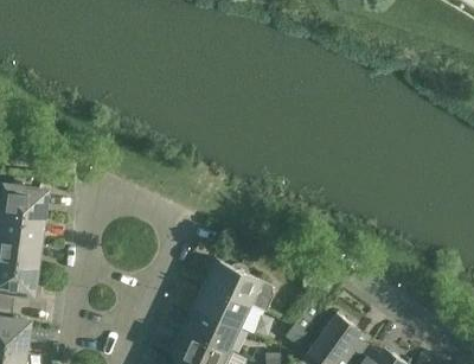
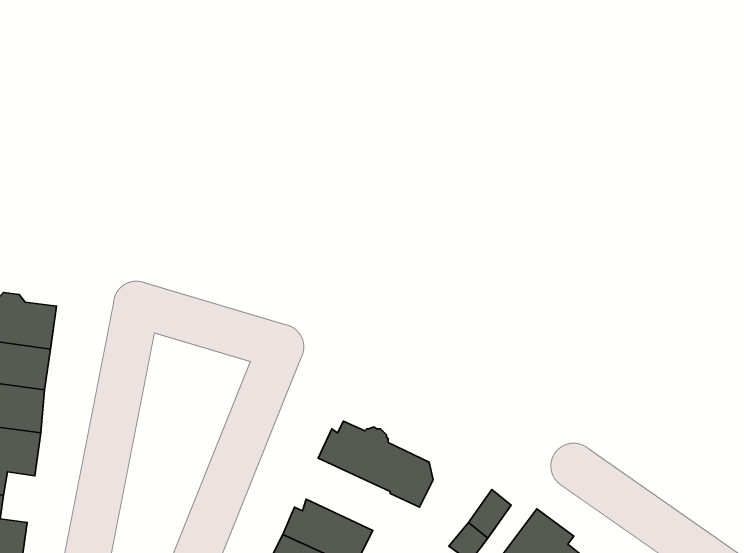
building: [197,283,265,336] -> none

